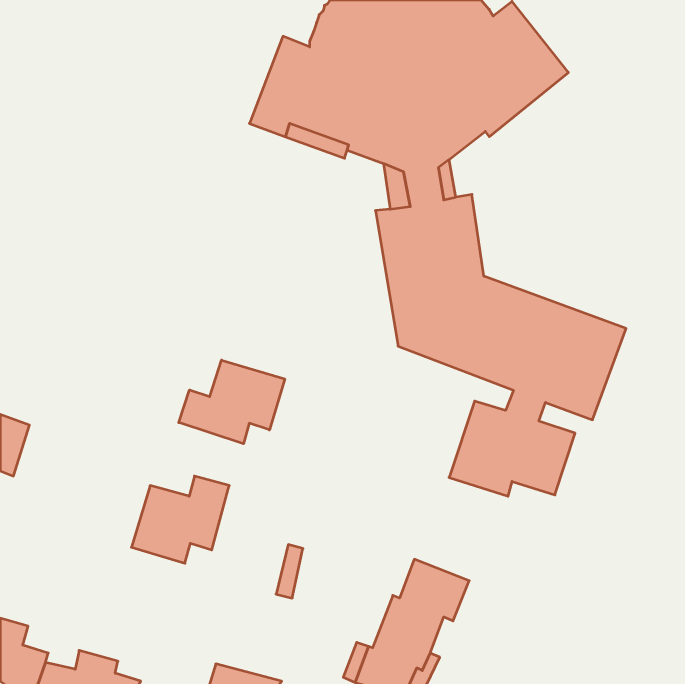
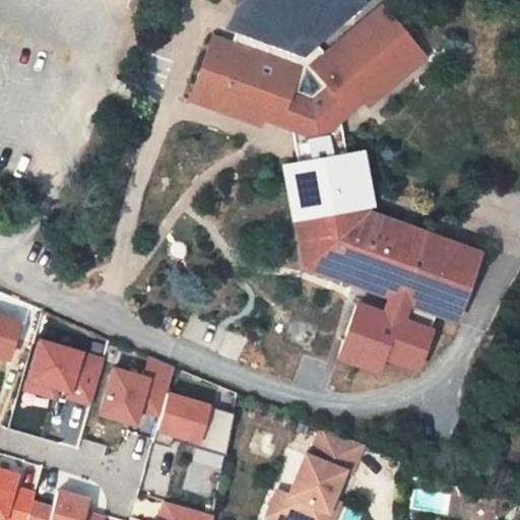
building: [179,360,285,444] -> none
building: none -> [26,340,105,407]
building: none -> [160,394,211,446]

